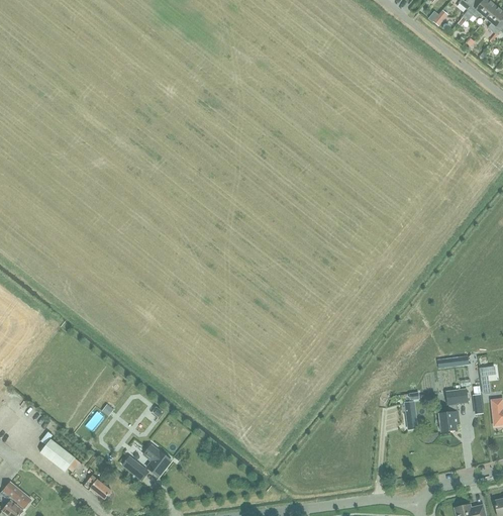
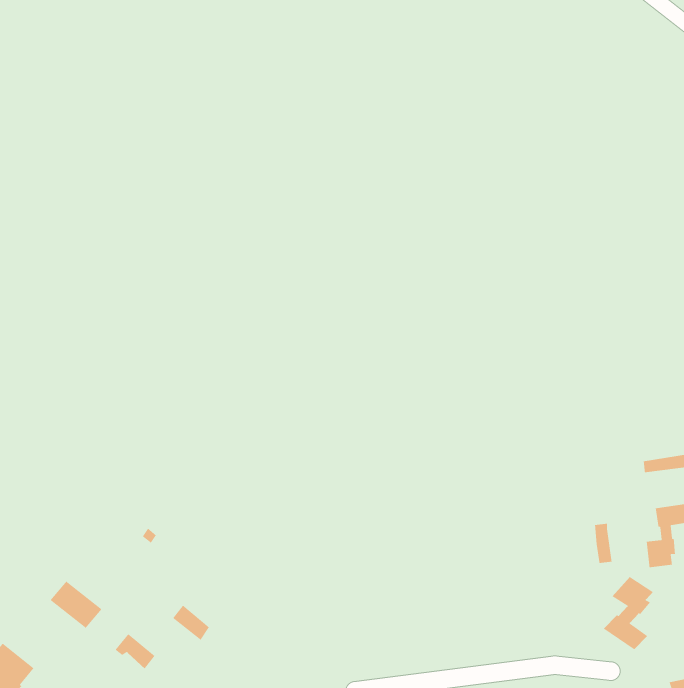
building: none -> [603,576,654,650]
building: [144,444,172,476] -> none

